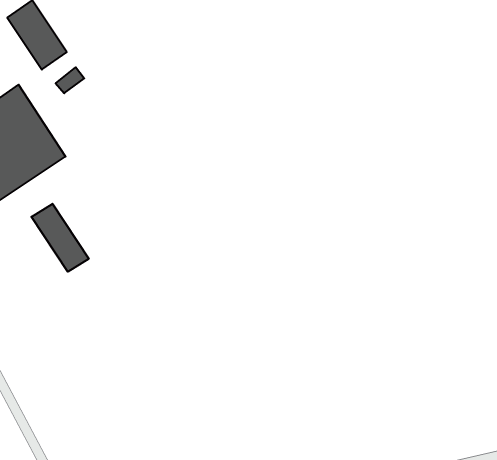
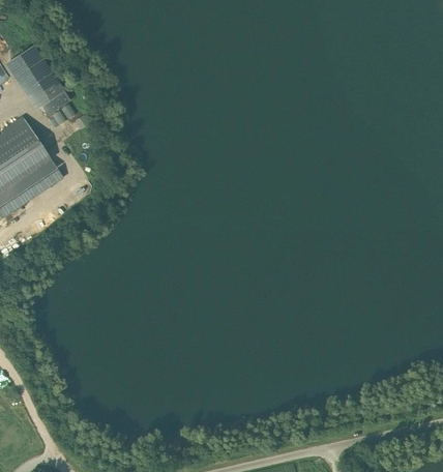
building: [31,204,89,272] -> none

